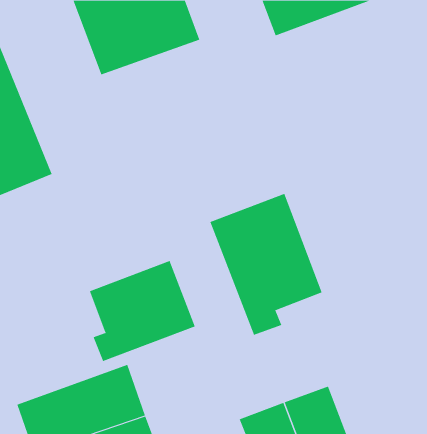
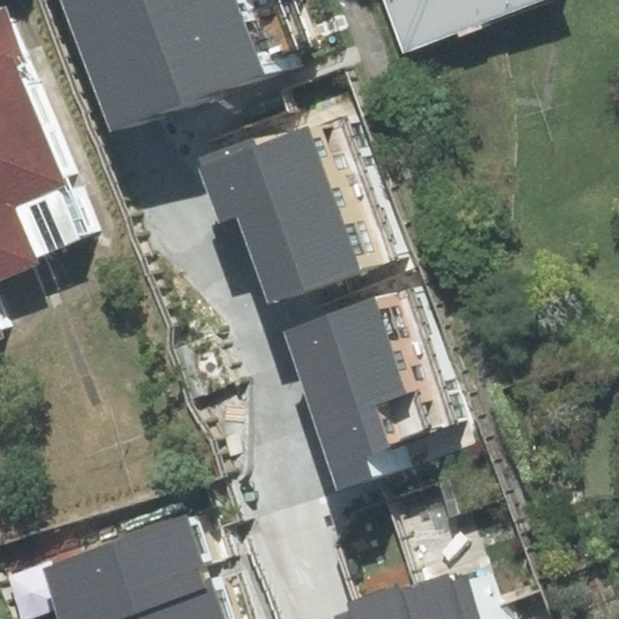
building: none -> [212,115,380,291]
building: [89,260,195,362] -> none

